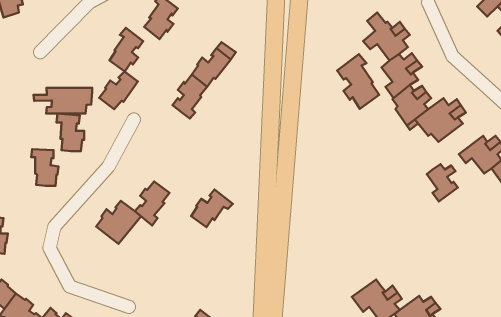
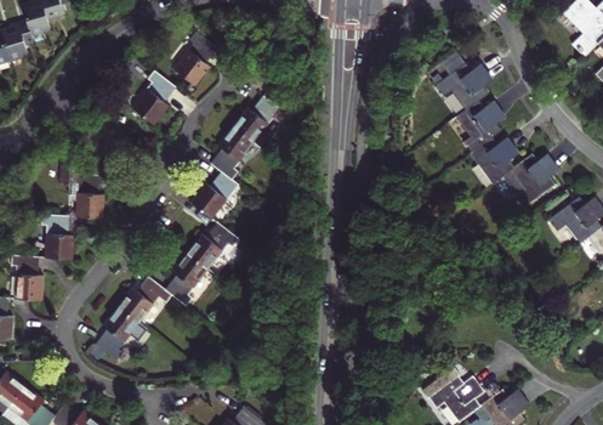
building: [337,54,379,109] -> none
building: [99,71,138,109] -> [190,171,237,216]
building: [34,88,92,113] -> none
building: [427,164,458,202] -> none
building: none -> [11,255,44,299]
building: [191,190,233,227] -> [188,222,238,267]
building: none -> [96,307,137,359]

